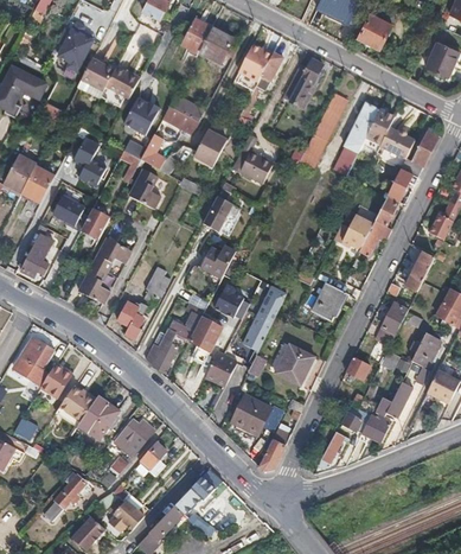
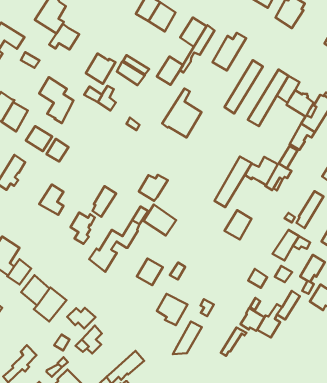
building: [108,63,140,94] -> none
building: [194,129,226,165] -> [157,57,183,85]
building: [129,170,159,209] -> none
building: [203,196,232,231] -> none
building: [90,240,129,275] -> none
building: [243,286,287,351] -> [214,157,252,207]
building: [188,318,223,364] -> none
building: [276,345,314,384] -> none

